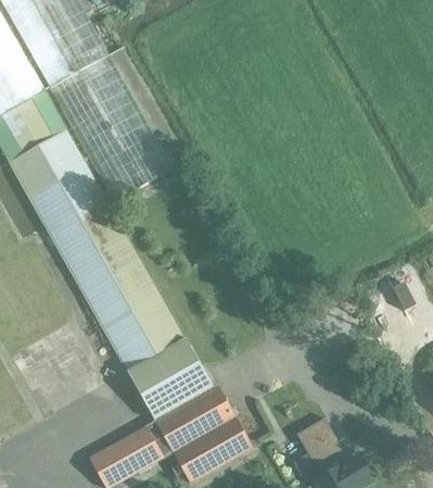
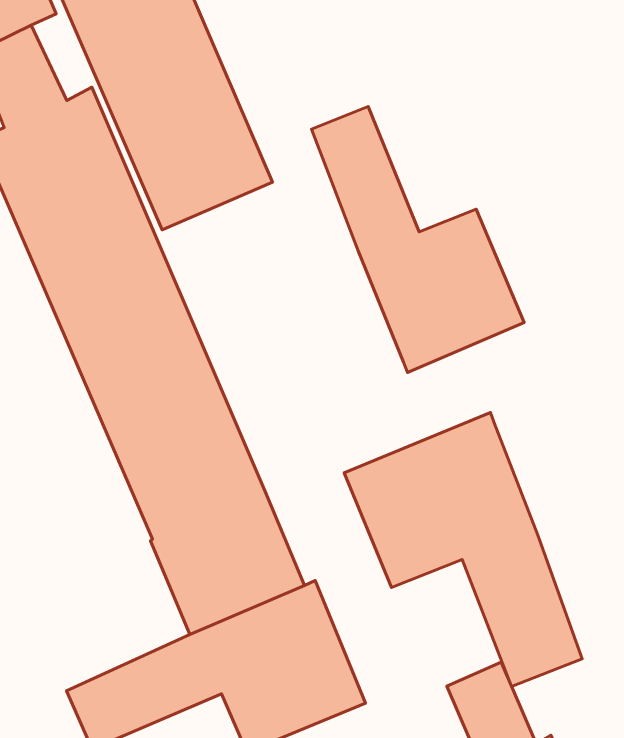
building: none -> [312,106,524,372]
building: none -> [344,412,582,686]

